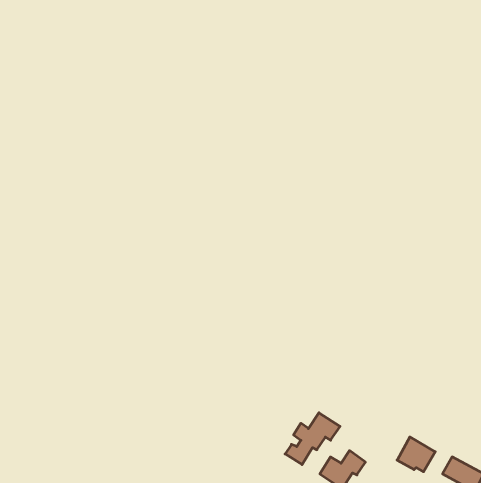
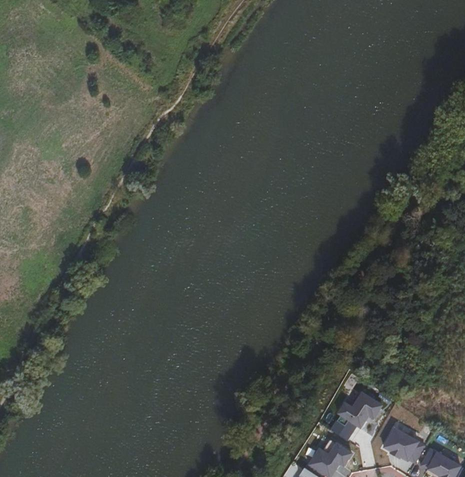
building: [285,413,340,465] -> [332,394,384,443]

